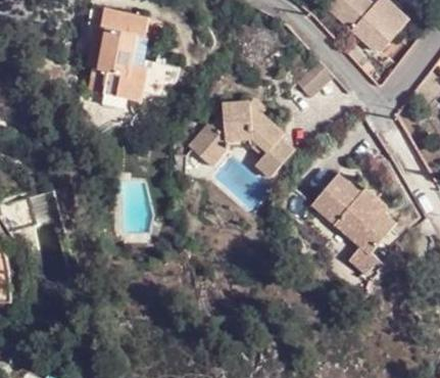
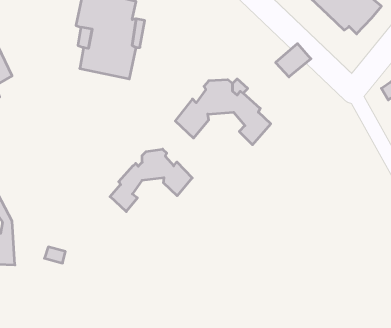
building: none -> [110,149,192,212]
building: [310,177,393,258] -> none

